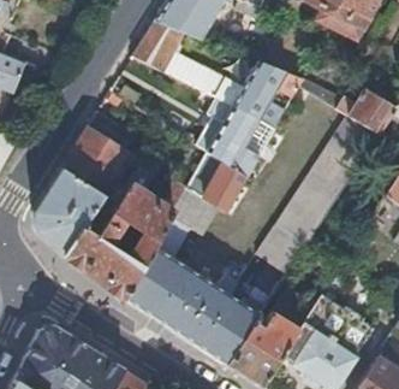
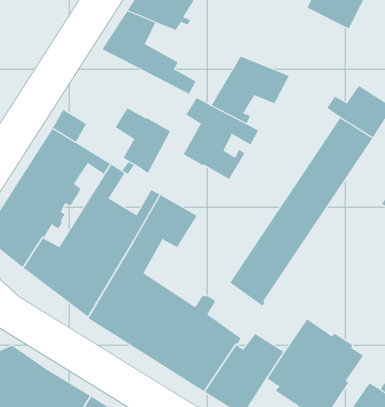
building: [198,152,249,212] -> [115,107,171,174]

